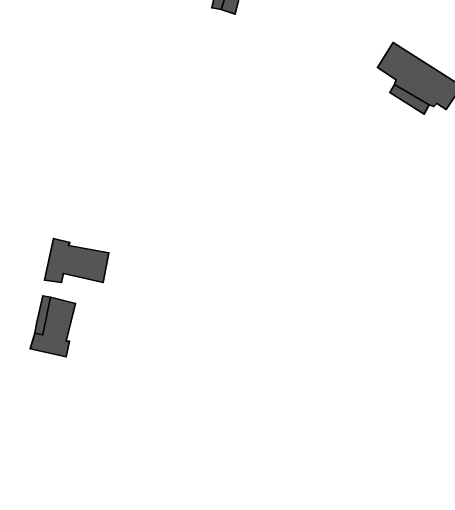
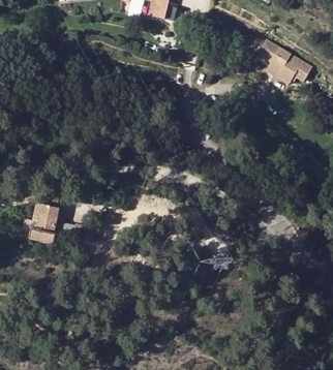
building: [44,238,109,282] -> none

